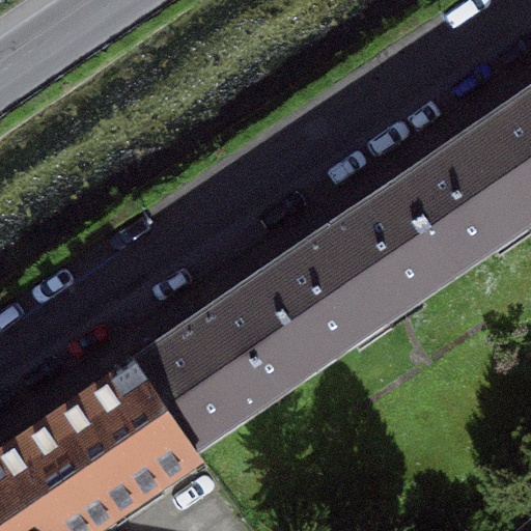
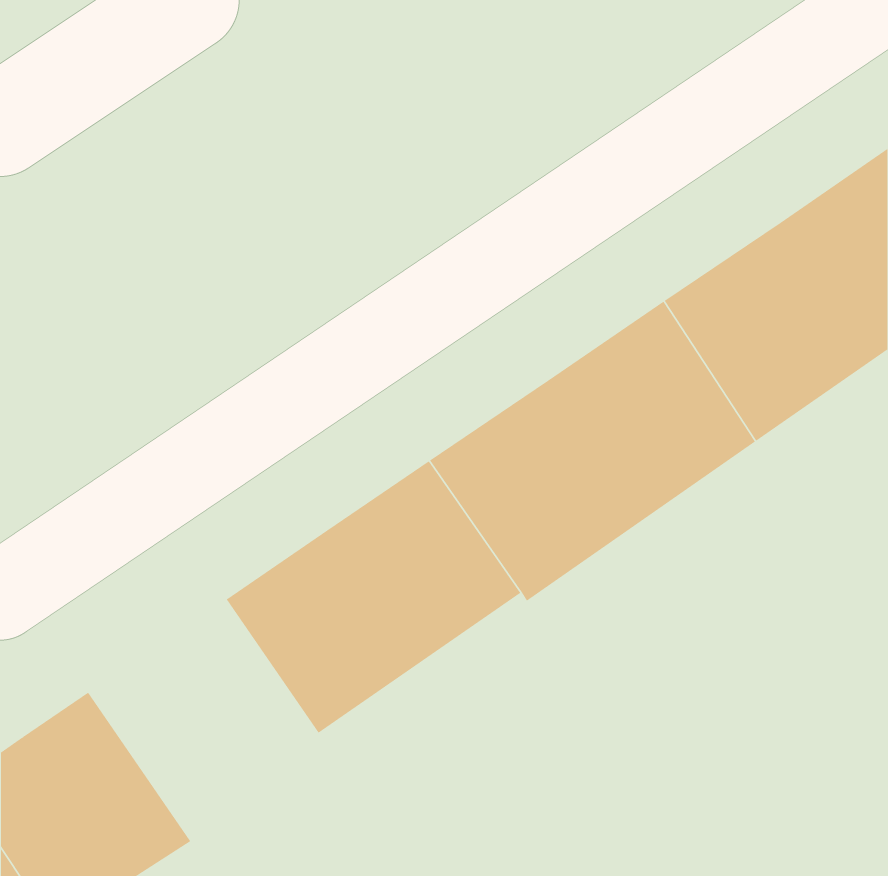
building: [53,365,196,509] -> none

